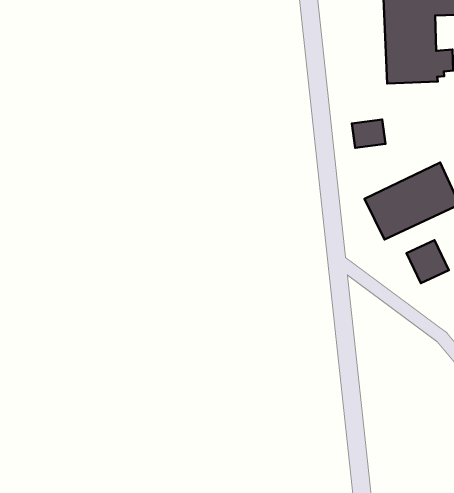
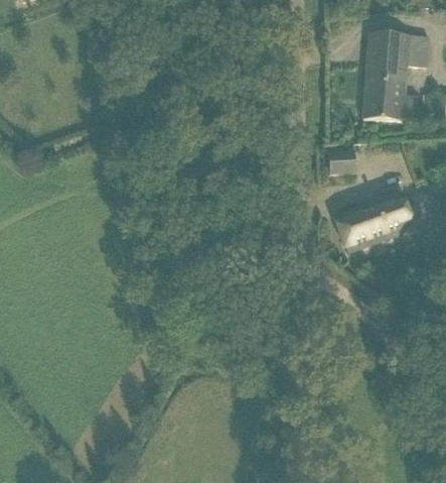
building: [406,240,449,283] -> none

